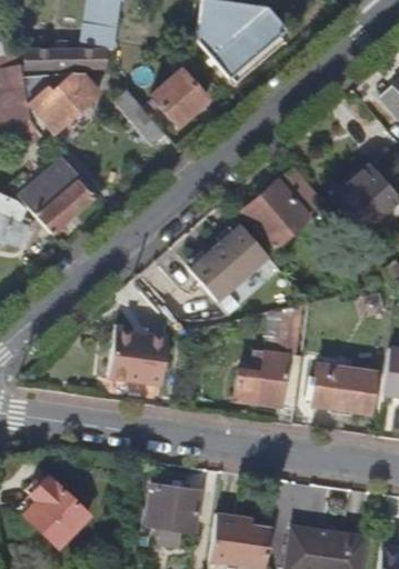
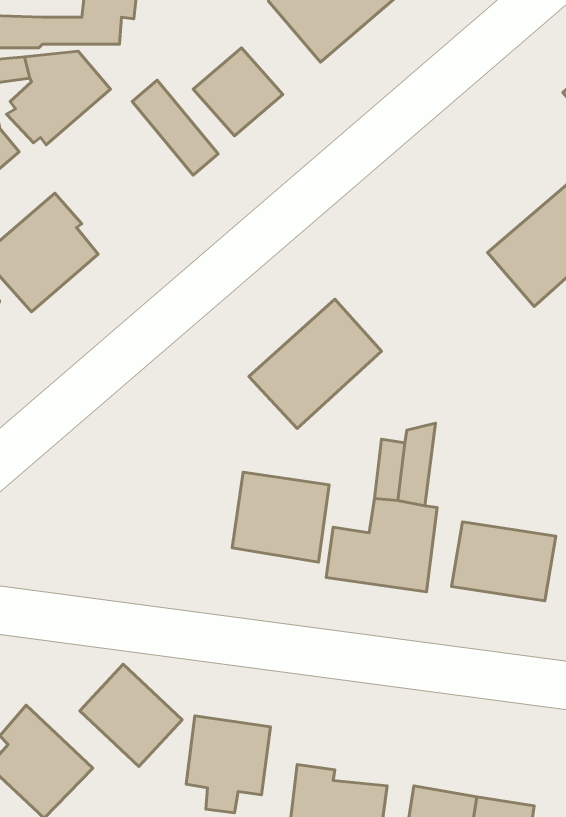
building: [242,166,325,248] -> none
building: [107,327,167,382] -> [232,472,329,562]
building: none -> [80,664,182,767]

